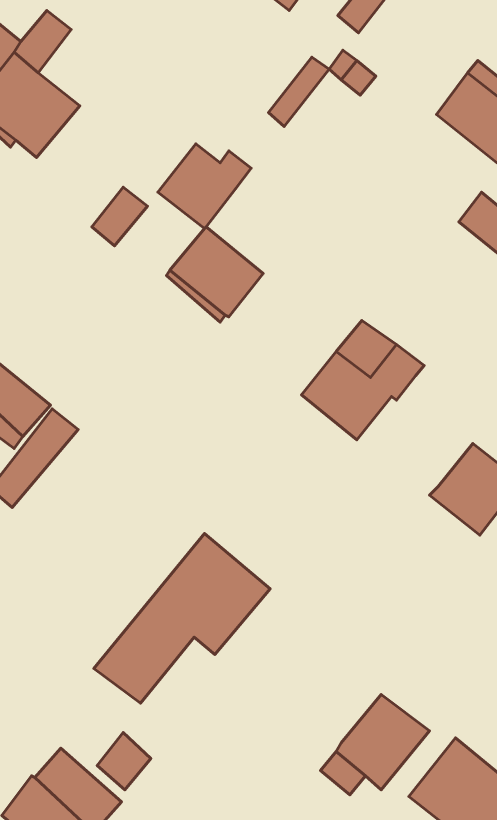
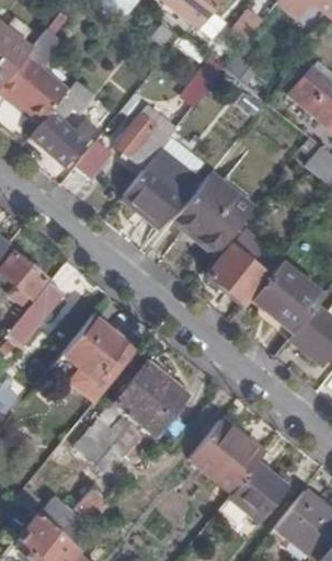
building: none -> [31,79,95,163]
building: none -> [147,142,202,196]
building: none -> [174,173,252,252]
building: none -> [250,261,322,331]
building: none -> [64,316,130,389]
building: none -> [190,421,262,493]

